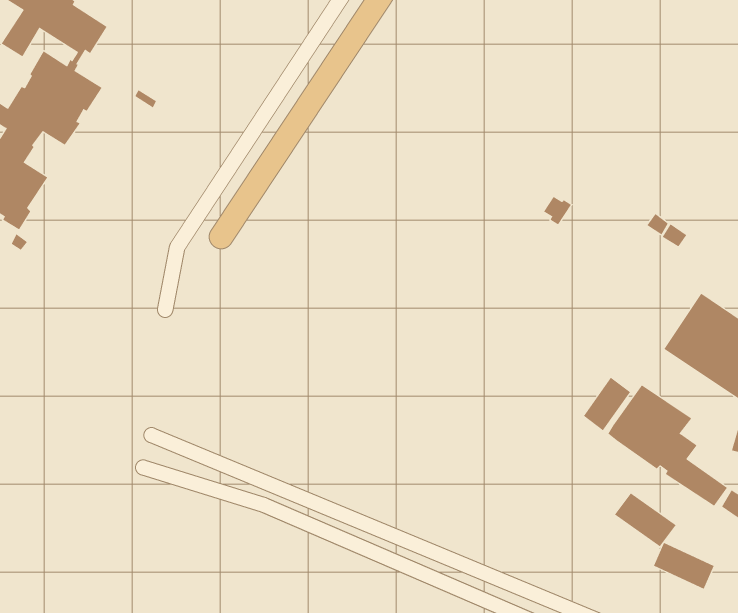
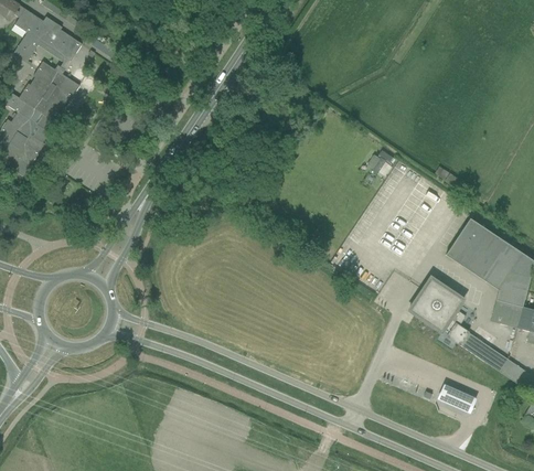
building: [583,377,631,431] -> none
building: [614,493,676,547] -> none

